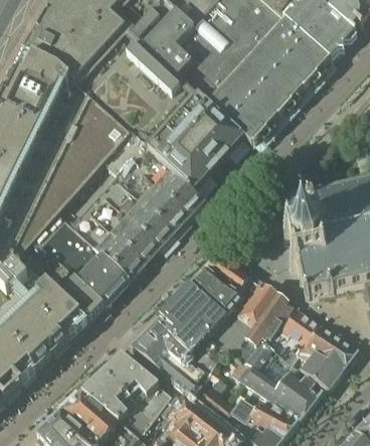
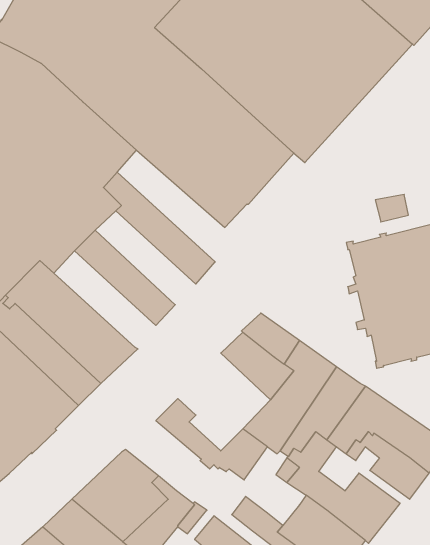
building: [116,135,203,216] -> none
building: [100,179,173,248] -> none
building: [69,208,144,279] -> none
building: [160,283,227,354] -> none
building: [131,332,209,396] -> none

